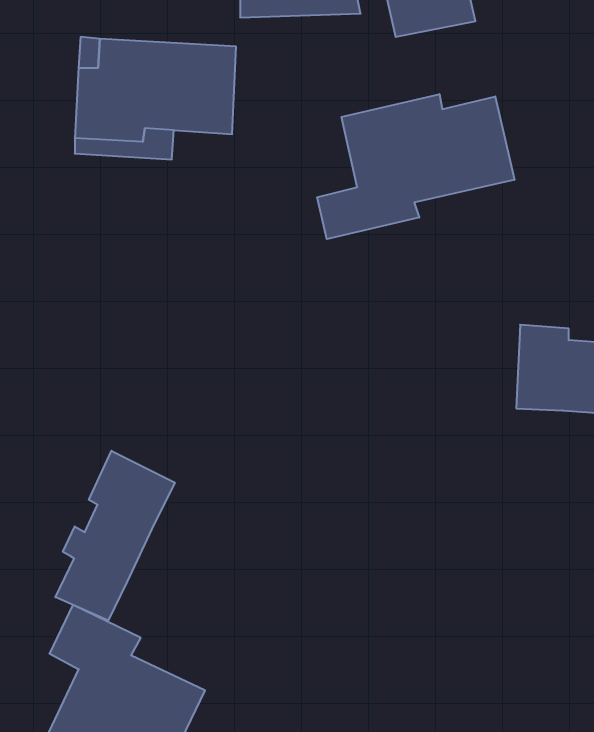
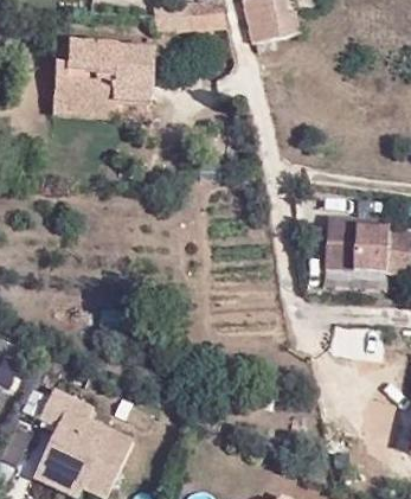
building: [317,94,514,239] -> none
building: [55,451,175,620] -> none

